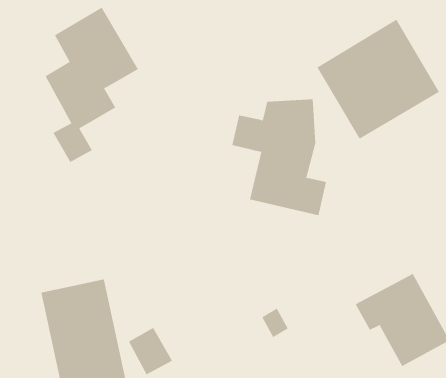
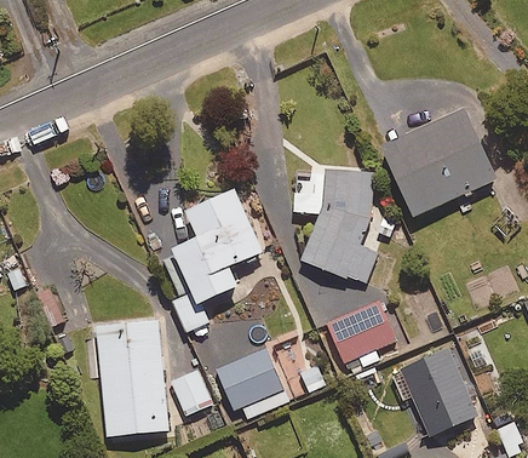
building: [45,7,139,163] -> [172,188,262,332]
building: none -> [328,300,398,368]
building: none -> [218,349,289,418]

